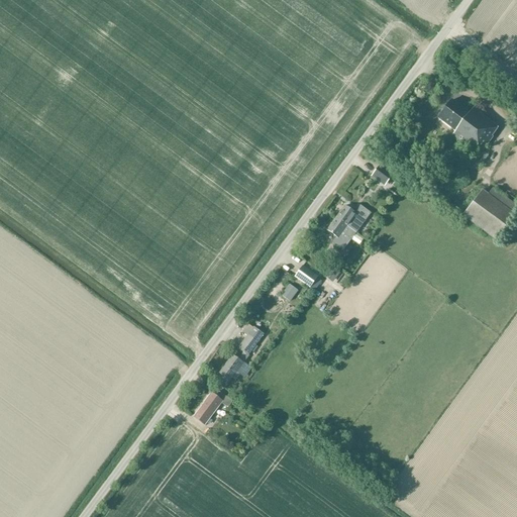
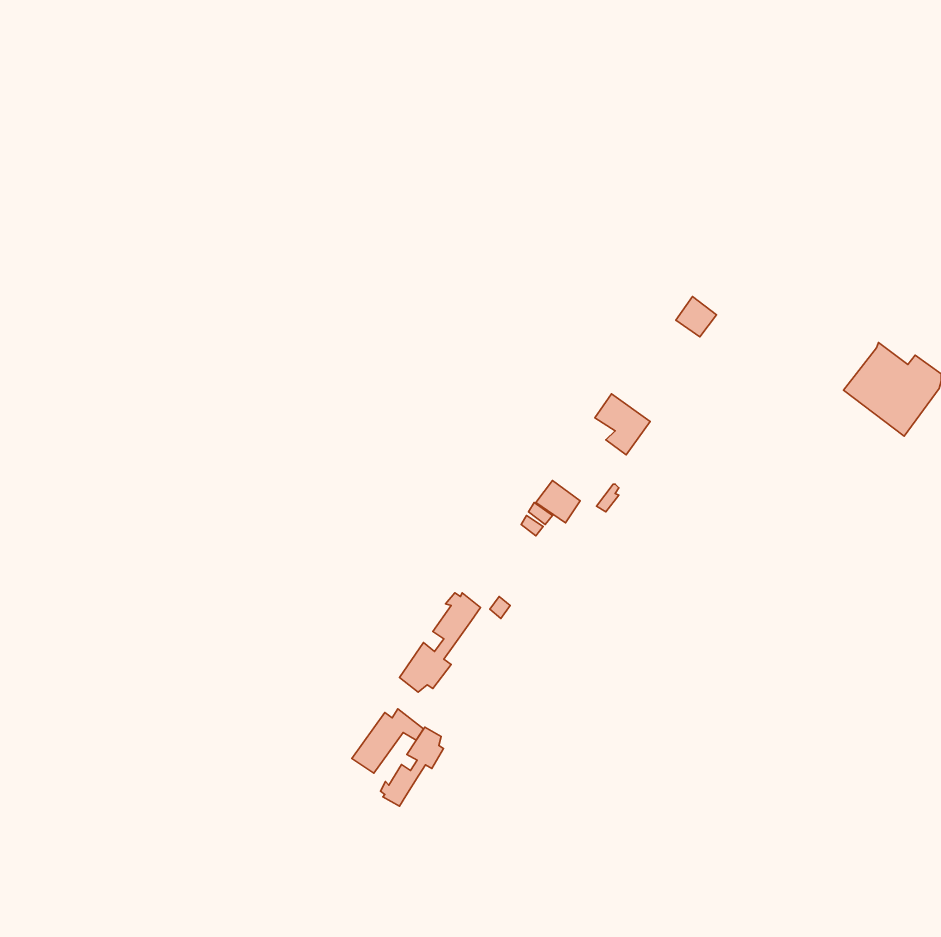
building: [437,98,499,156] -> none
building: [335,204,371,231] -> none
building: none -> [380,727,443,806]

